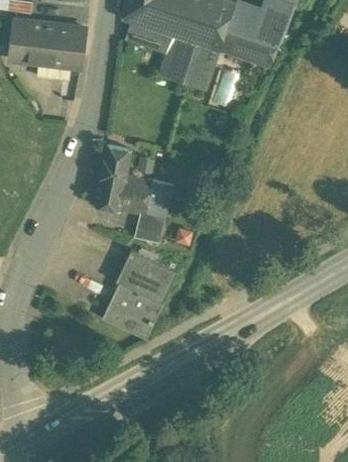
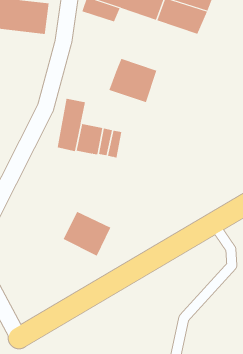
building: [158,35,218,90] -> [108,58,157,103]
building: [134,214,165,244] -> none
building: [116,250,178,304] -> none

